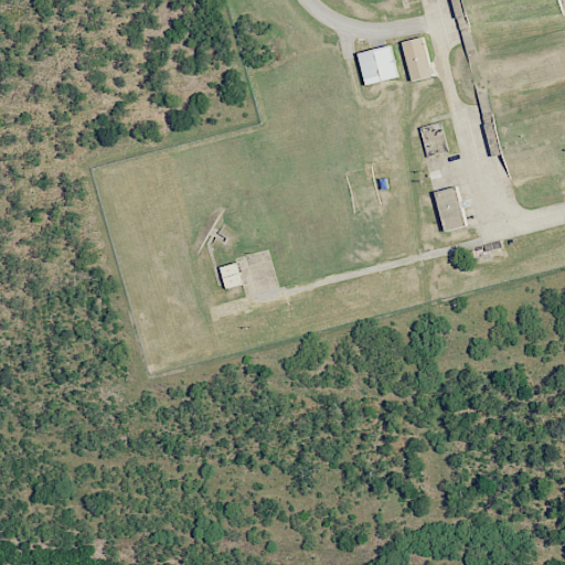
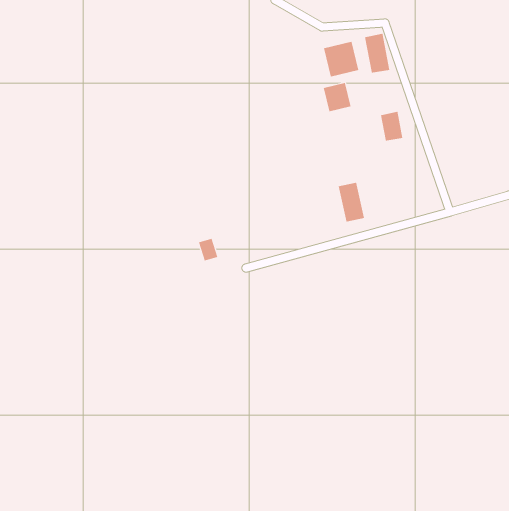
building: none -> [323,82,351,112]
building: [435,186,465,231] -> [338,182,365,222]

